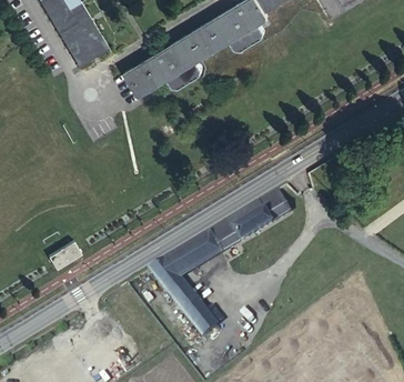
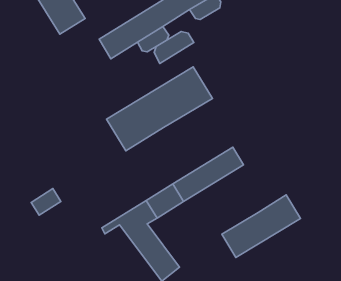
building: none -> [154,31,194,63]
building: none -> [107,67,212,151]
building: none -> [222,195,301,258]

